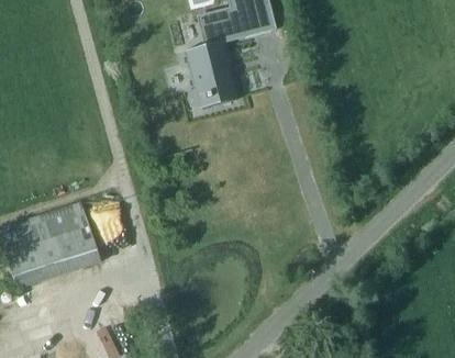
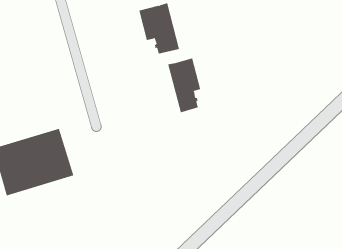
building: none -> [168,58,201,113]

